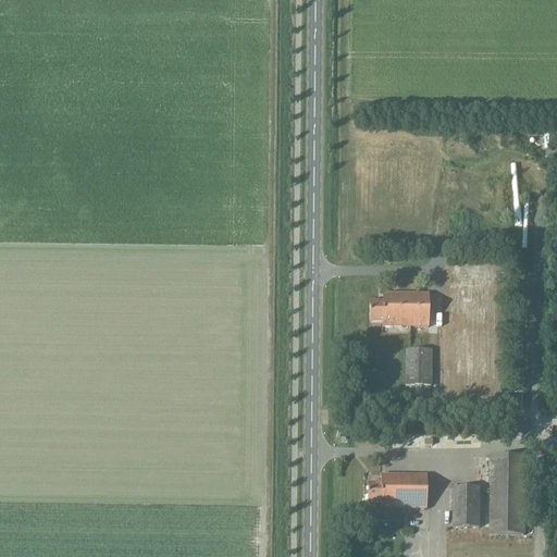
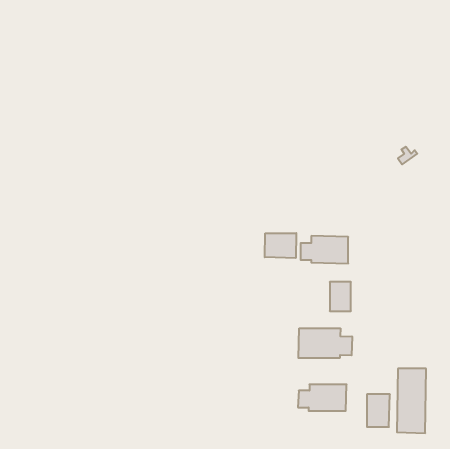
building: none -> [265,233,296,258]
building: none -> [298,328,352,358]

